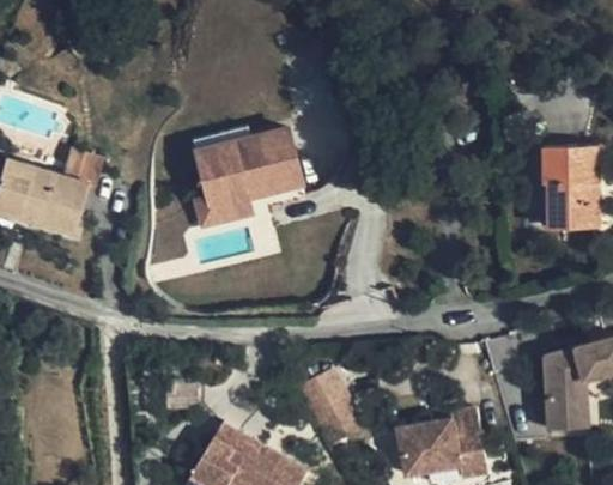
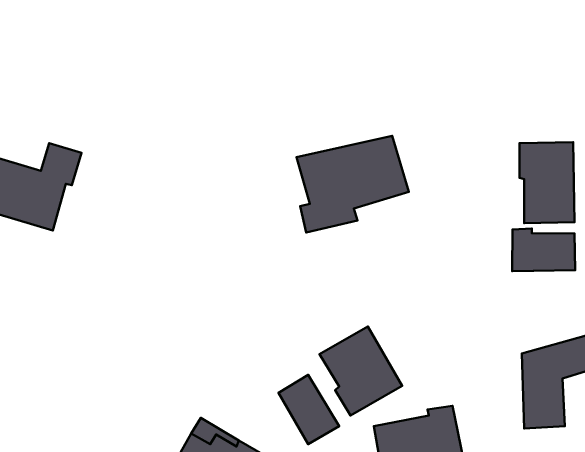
building: [190,131,303,228] -> [297,136,409,232]
building: none -> [512,229,575,271]
building: none -> [319,326,402,416]

